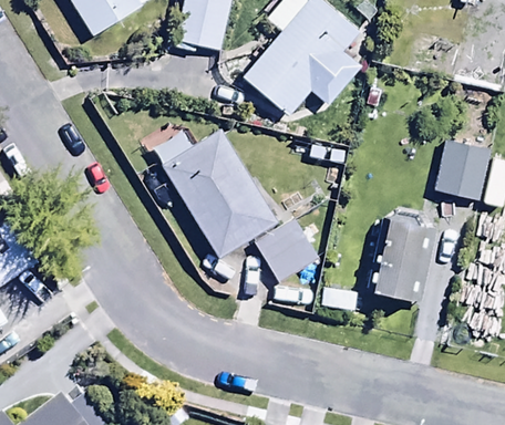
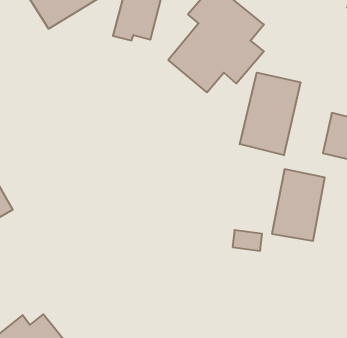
building: none -> [240,73,300,155]
building: [152,127,275,256] -> none
building: [252,216,322,286] -> none

